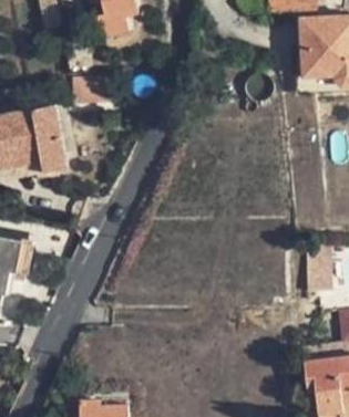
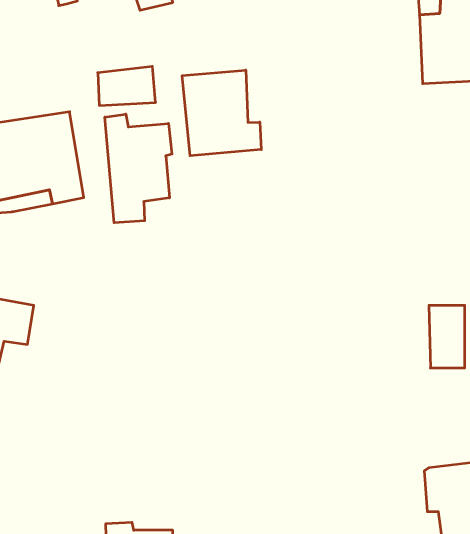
building: none -> [182,70,261,156]
building: none -> [105,114,172,223]

